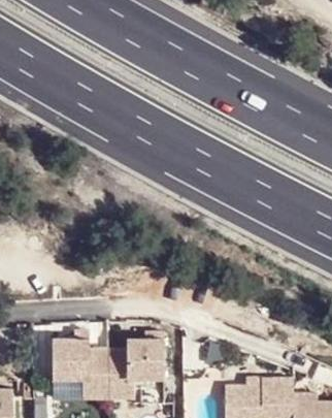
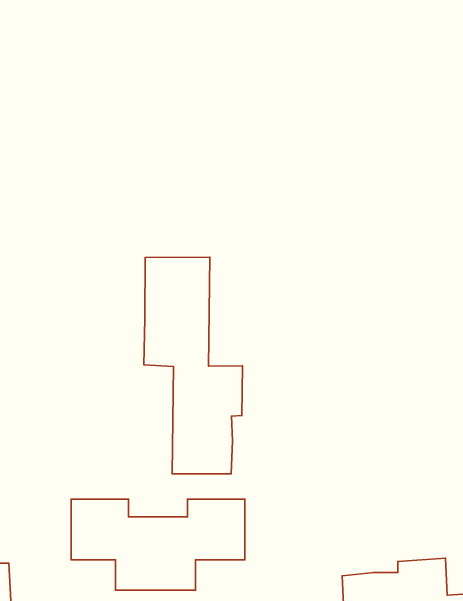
building: none -> [144,257,242,474]

